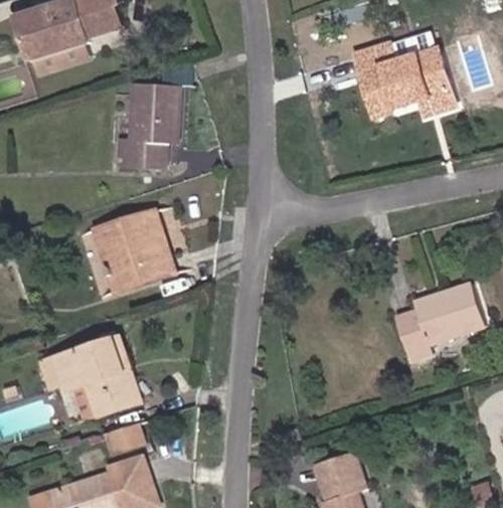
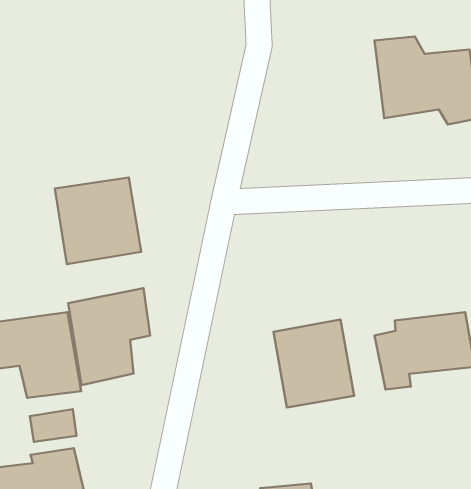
building: [113,82,182,172] -> none
building: none -> [68,288,150,385]
building: none -> [274,319,354,408]

